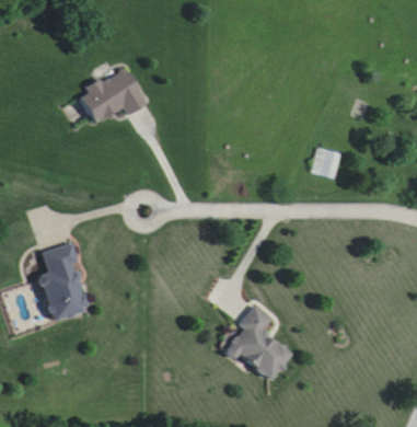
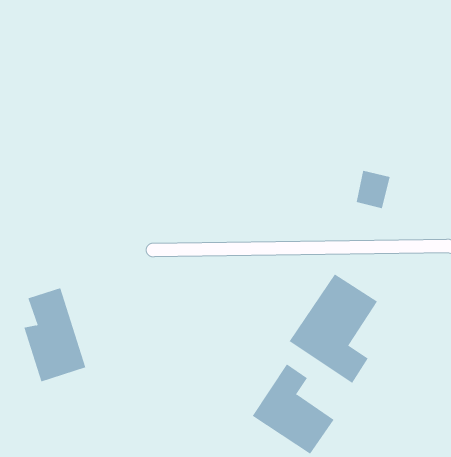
building: [83,64,148,123] -> none
building: none -> [289,274,378,384]

